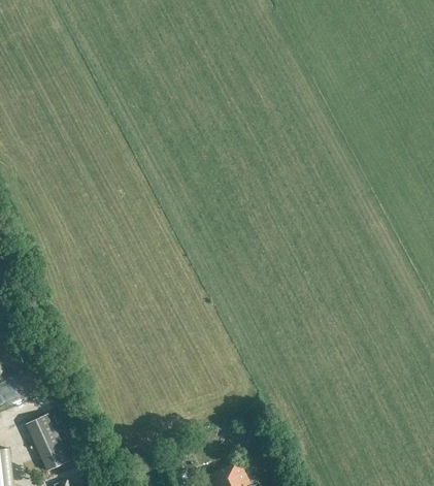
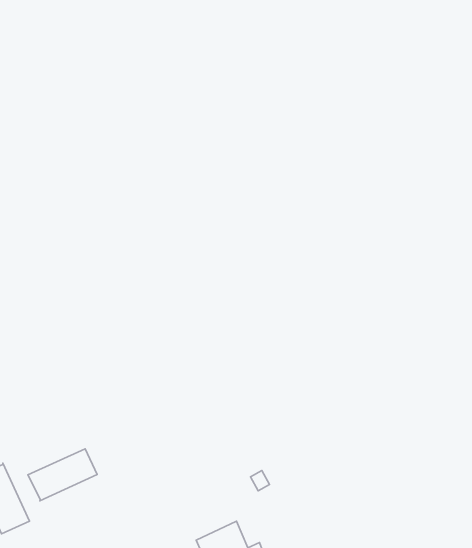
building: none -> [28,449,97,501]

